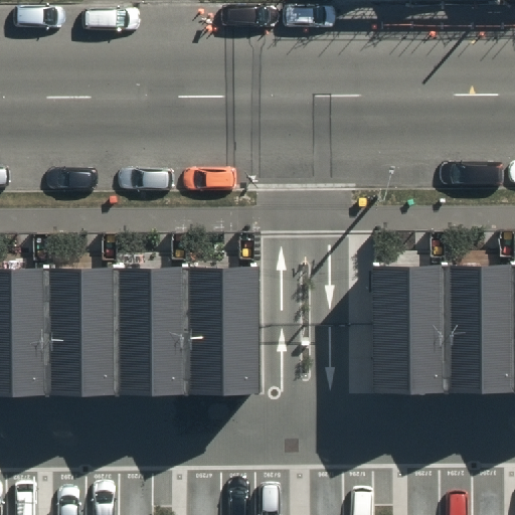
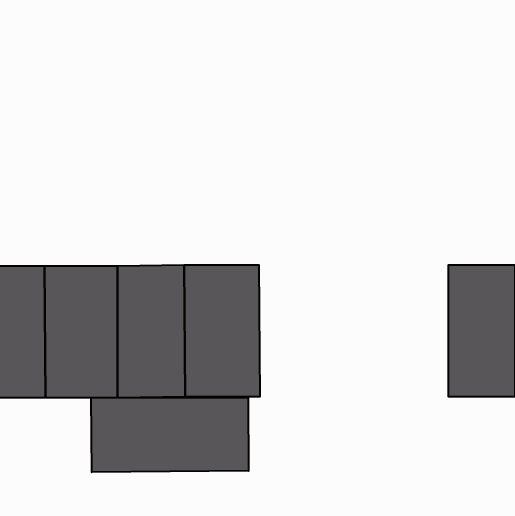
building: [372,265,446,395] -> none
building: none -> [91,397,249,472]

